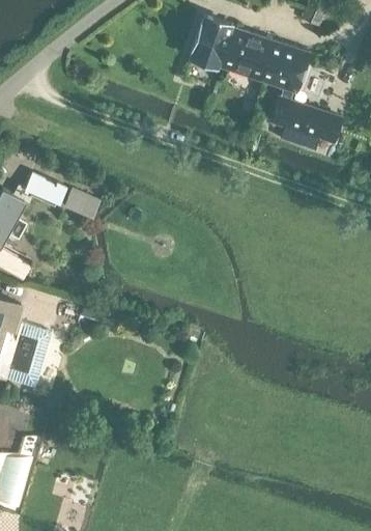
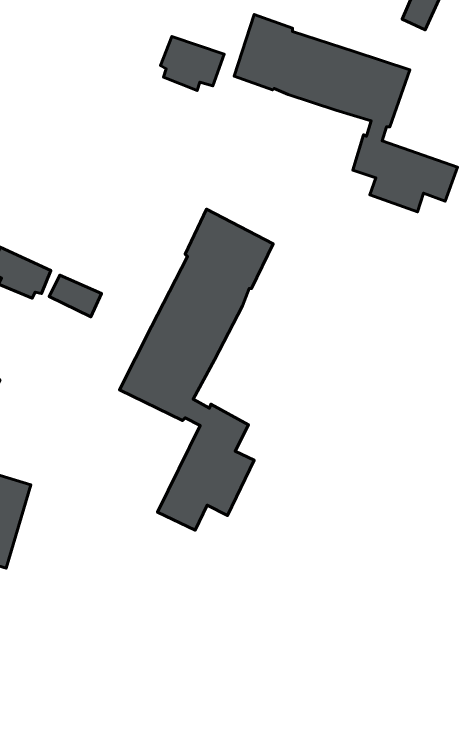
building: none -> [161,36,224,90]
building: none -> [120,209,273,530]

